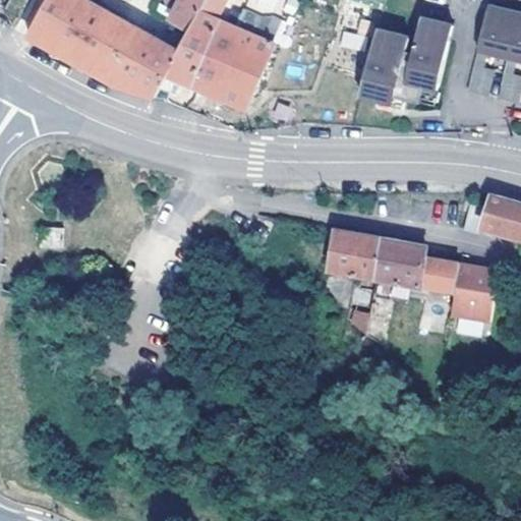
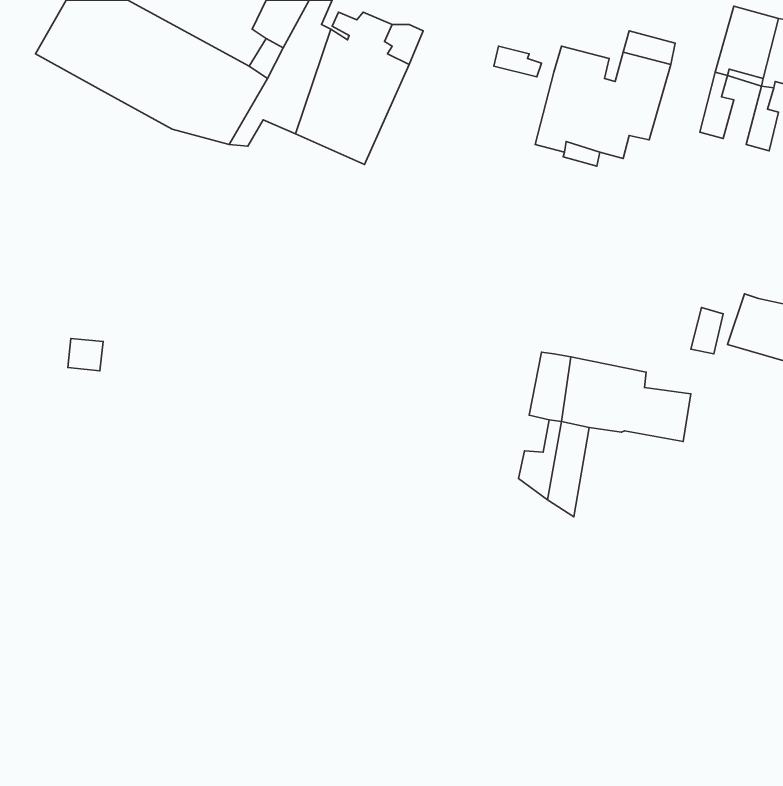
building: [329,229,360,275] -> none
building: [450,260,497,320] -> none

